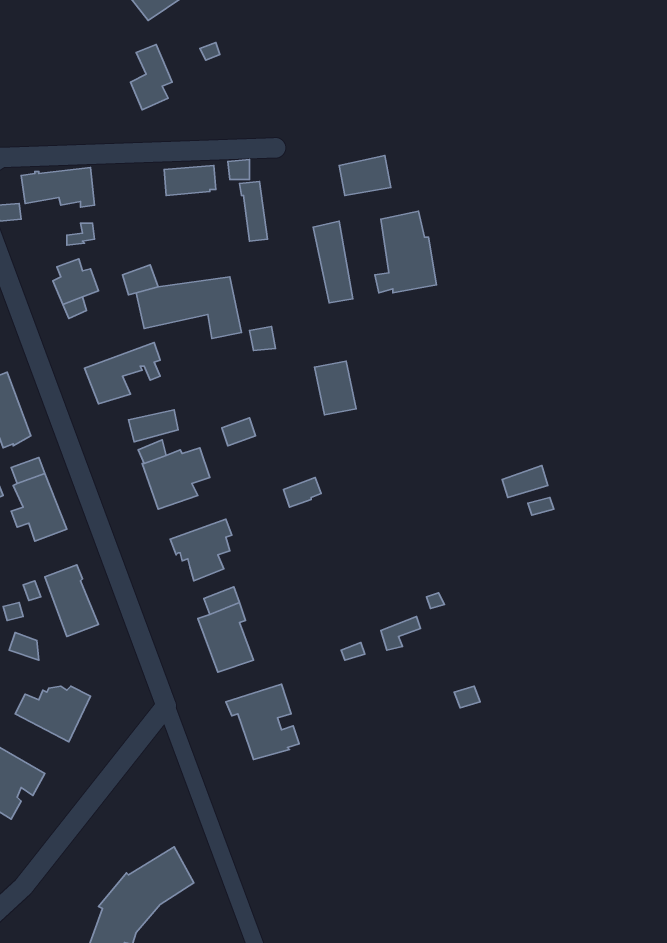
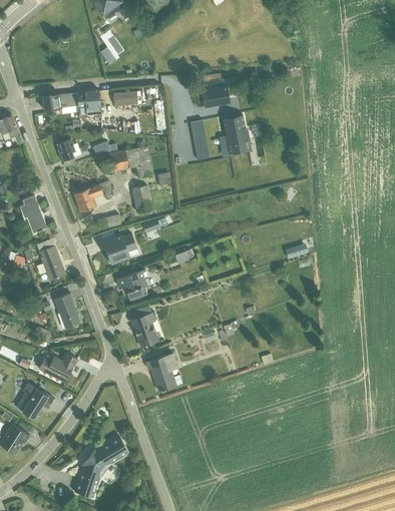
building: none -> [76,90,100,114]
building: [314,361,356,415] -> [130,184,151,211]

